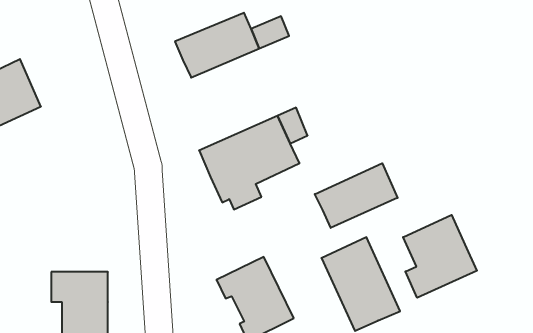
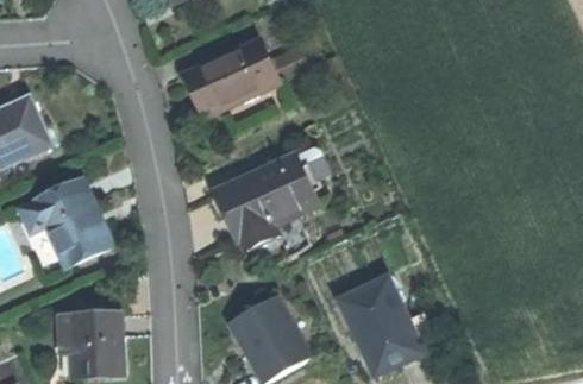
building: none -> [17,181,111,265]
building: [315,163,398,228] -> none
building: [403,215,477,298] -> none

